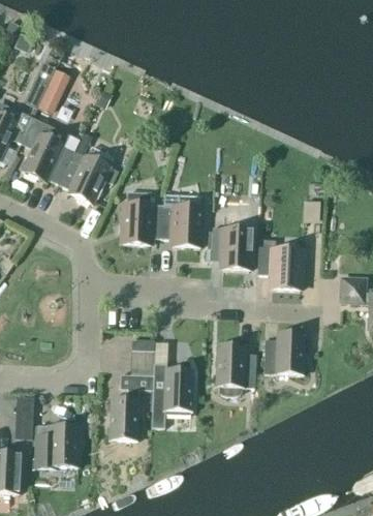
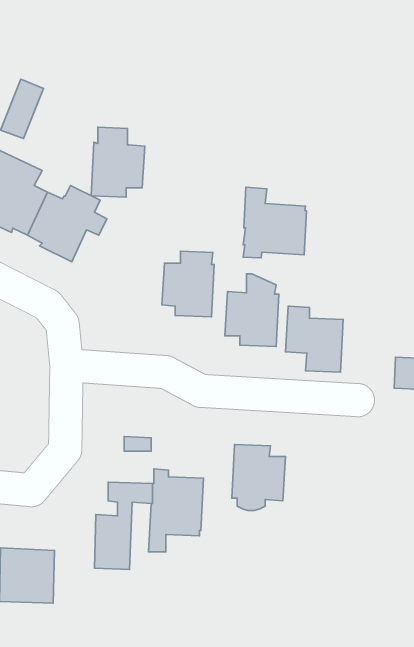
building: none -> [243,187,307,258]
building: [122,190,163,244] -> [91,127,145,197]
building: [262,332,304,374] -> none

